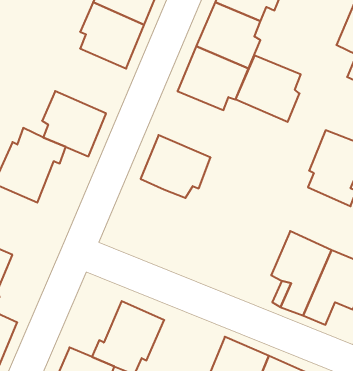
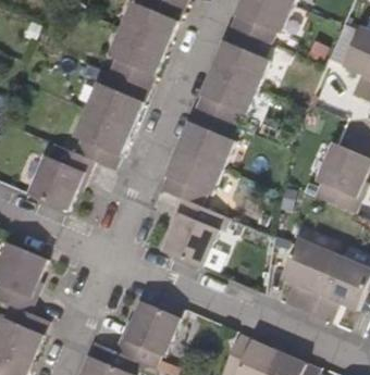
building: none -> [83,68,148,128]
building: [236,55,301,122] -> [177,108,237,168]
building: none -> [165,198,221,268]

